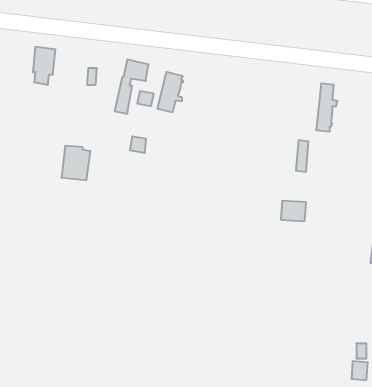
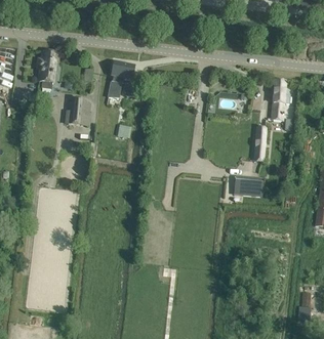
building: [158,72,183,112] -> none
building: [61,146,90,180] -> [67,96,90,124]

